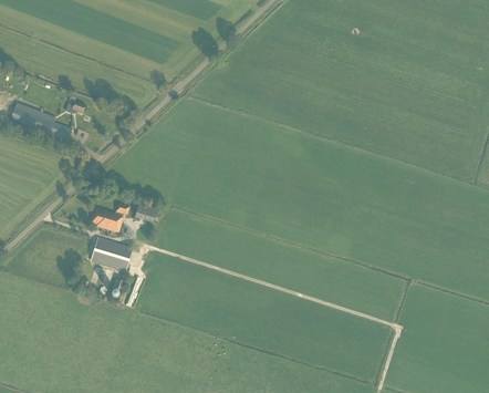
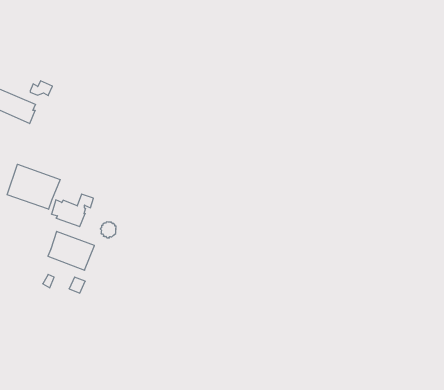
building: none -> [7,164,60,209]

